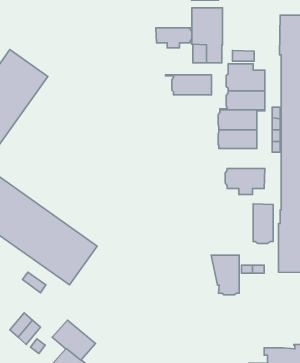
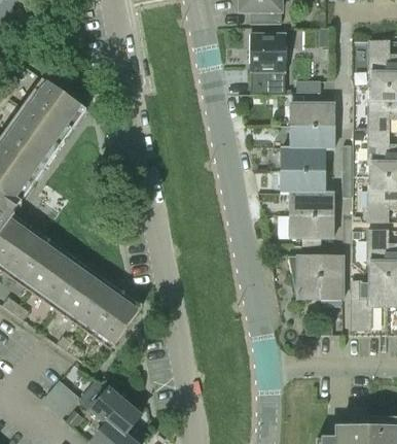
building: [156,28,192,48] -> none
building: [165,75,211,95] -> [282,193,334,215]
building: [211,255,239,295] -> [289,255,321,301]

